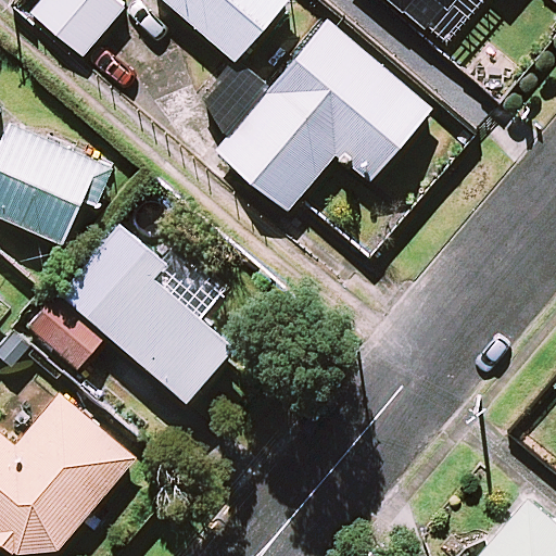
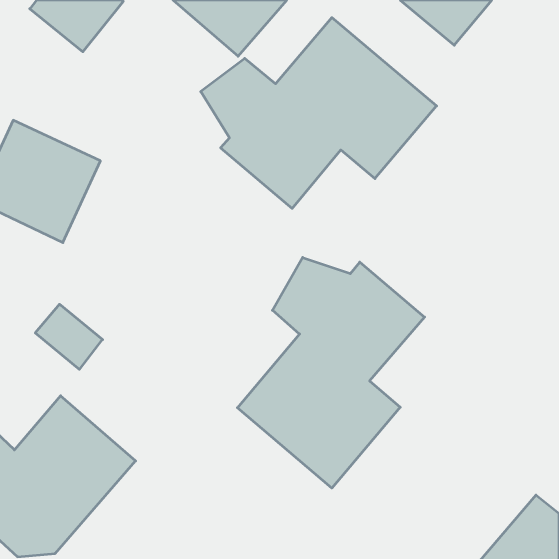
building: [85,224,236,400] -> none
building: none -> [237,257,425,488]

